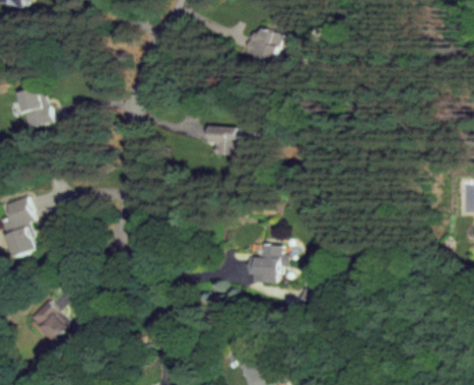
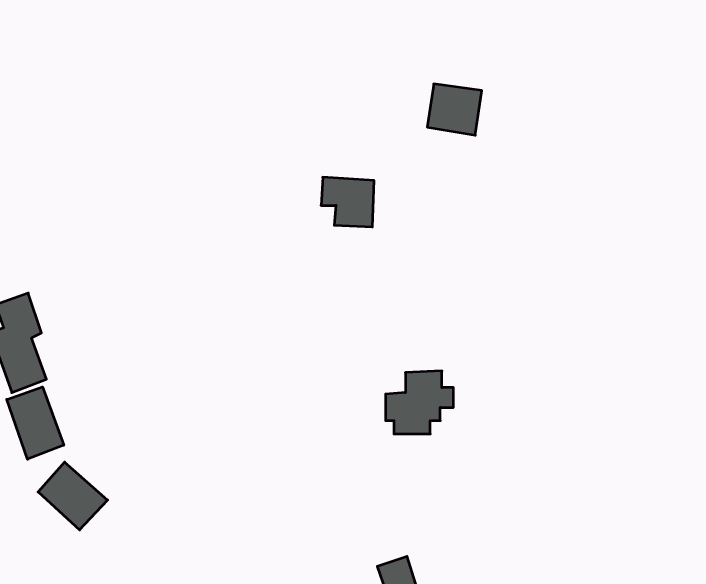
building: [246,28,279,60] -> [427,84,482,135]
building: [16,87,50,127] -> none
building: none -> [7,387,64,459]

